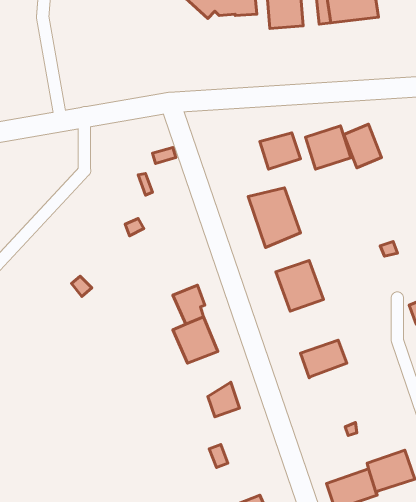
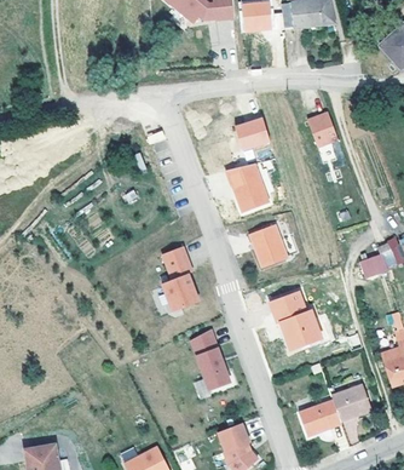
building: [305,126,351,169] -> none
building: none -> [281,310,324,352]
building: none -> [200,349,232,389]

